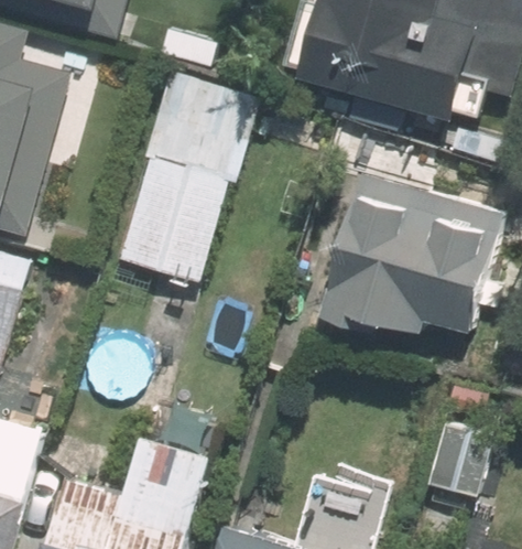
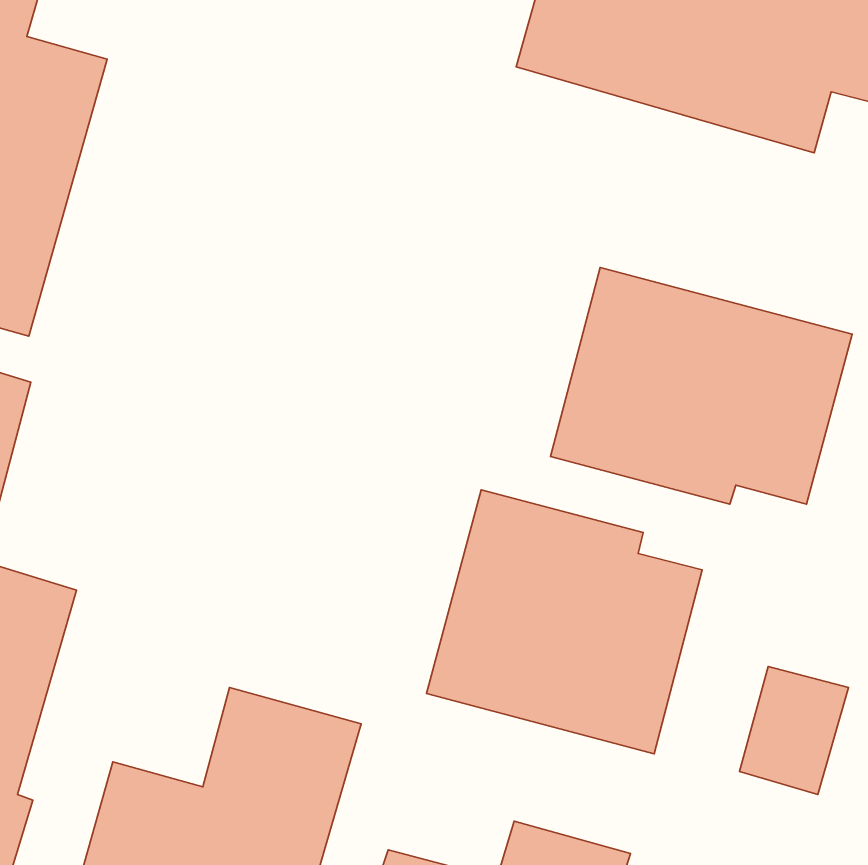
building: [118,72,254,283] -> none
building: none -> [427,490,702,754]

